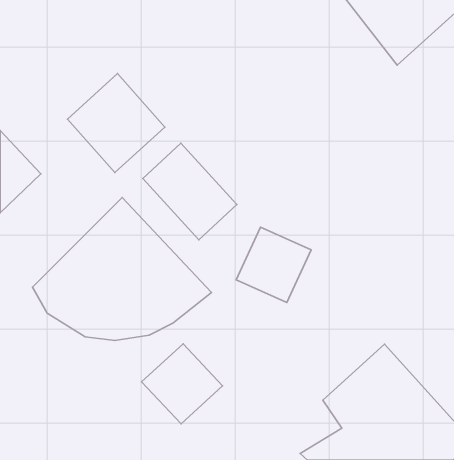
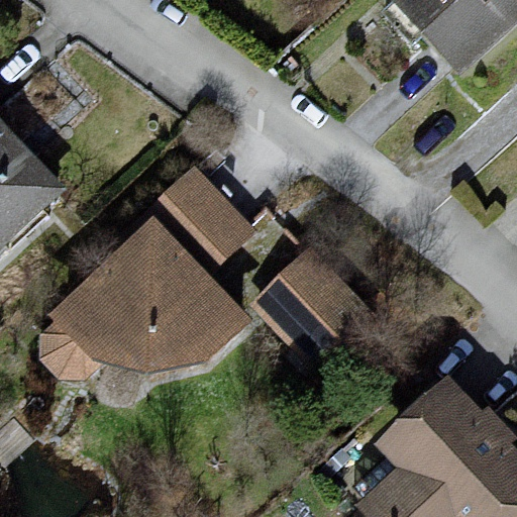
building: [68,74,165,173] -> none
building: [141,344,223,424] -> none

